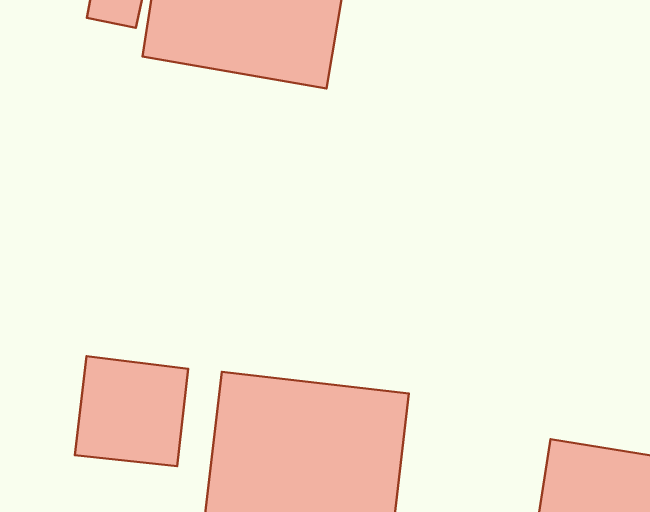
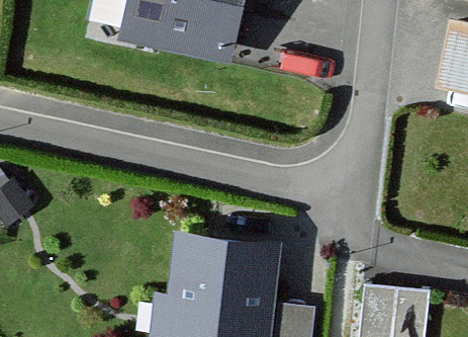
building: [75,356,188,466] -> none

